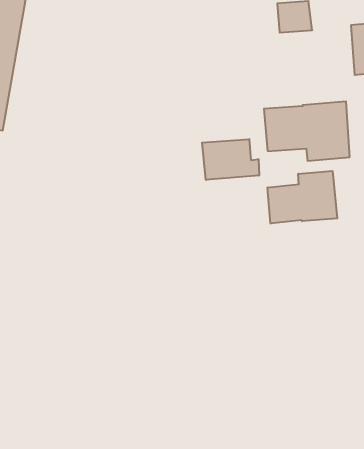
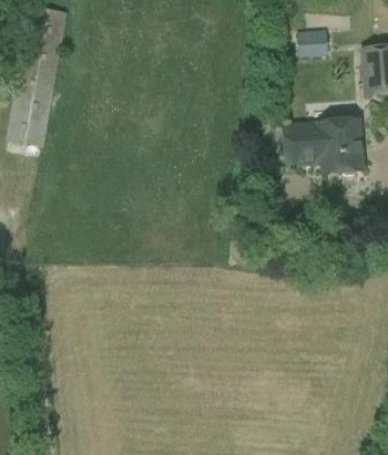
building: [202,139,259,180] -> none
building: [268,171,337,224] -> none

